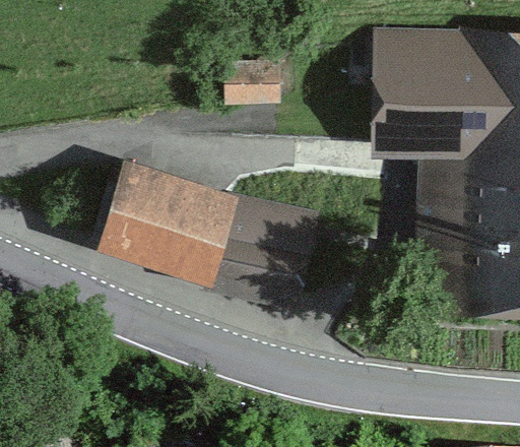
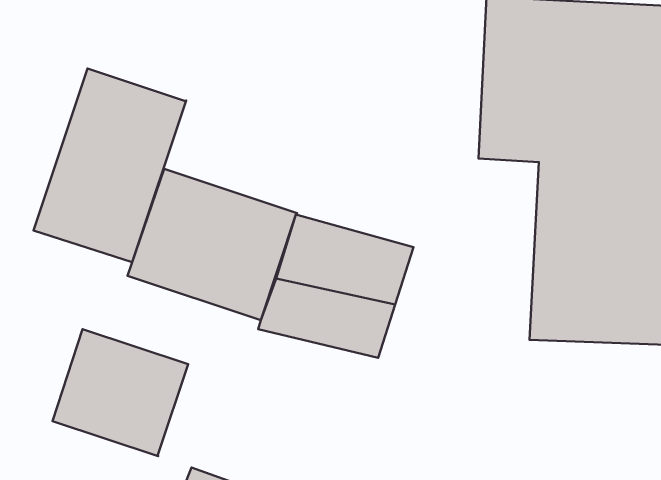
building: none -> [34,69,186,262]
building: none -> [53,329,188,456]

